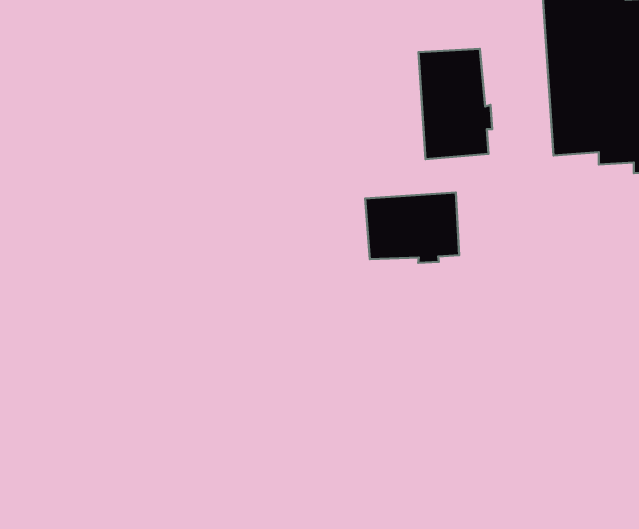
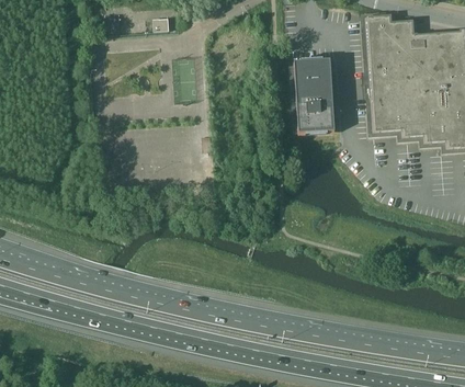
building: [365,192,459,263] -> none

